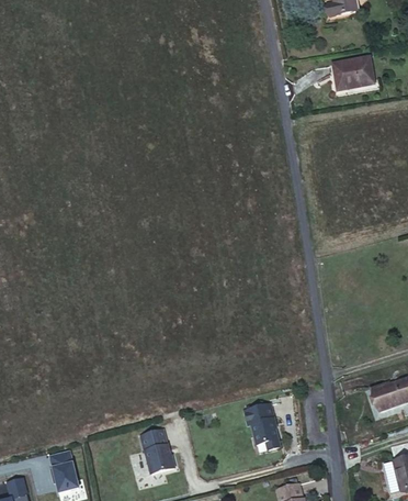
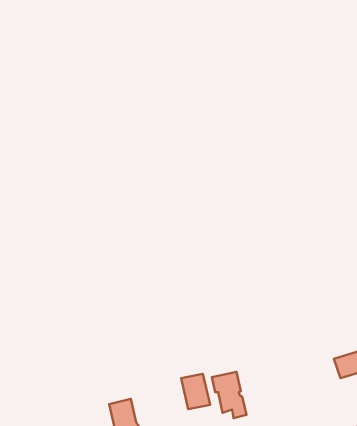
building: [326,59,370,97] -> none
building: none -> [181,374,210,409]

